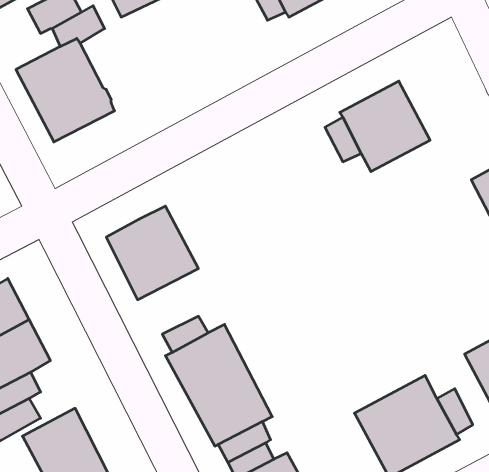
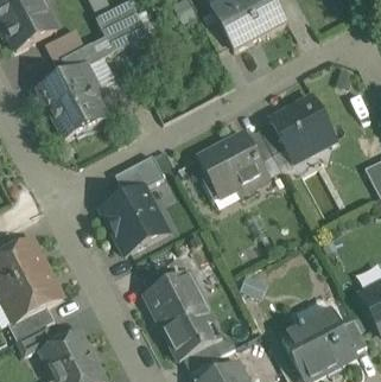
building: none -> [197,130,268,198]
building: none -> [114,153,163,195]

